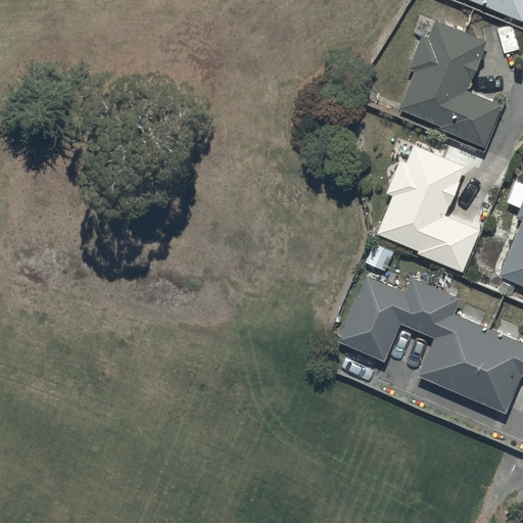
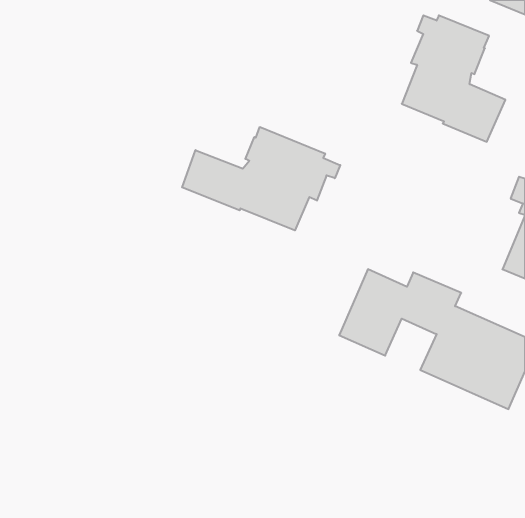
building: none -> [182,127,340,230]
building: [377,145,481,273] -> none

